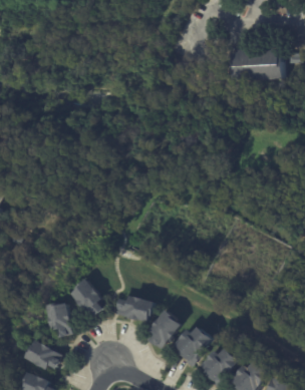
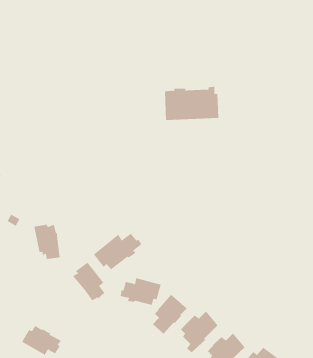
building: [227,46,280,79] -> [164,86,219,120]
building: none -> [93,233,142,270]
building: [45,302,71,336] -> [34,224,61,260]

